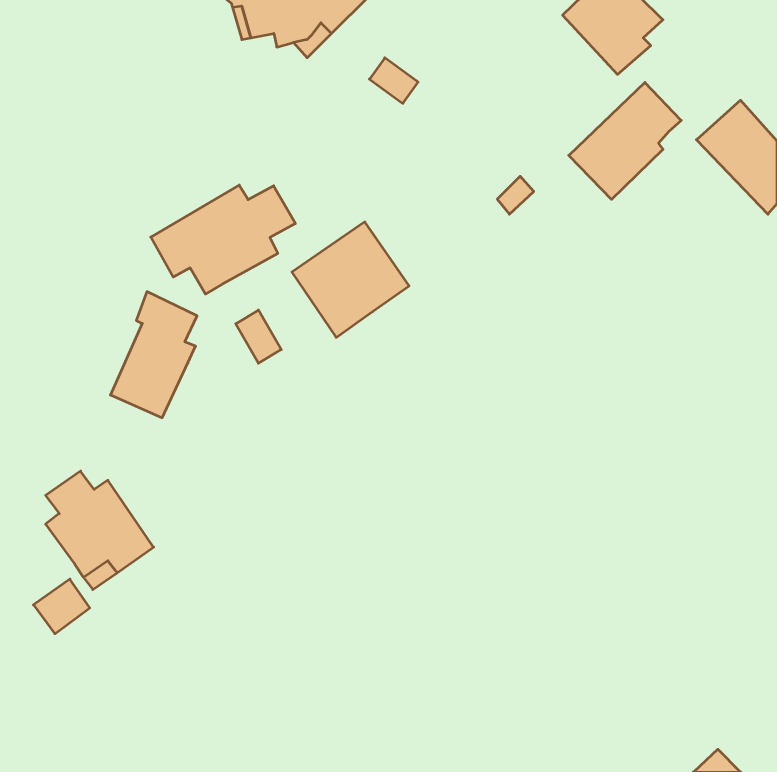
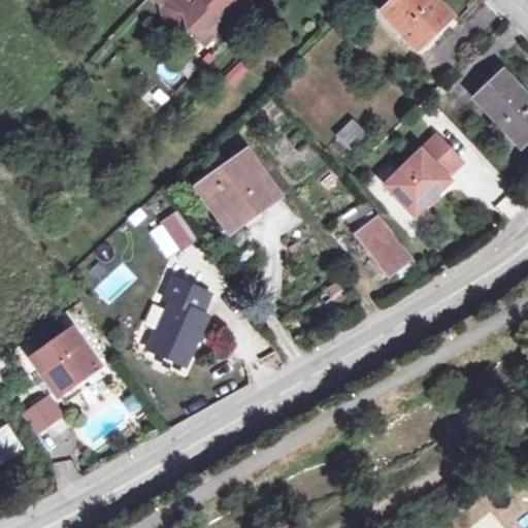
building: [569,82,681,199] -> [385,135,461,214]
building: [151,185,295,294] -> none
building: [110,292,197,418] -> [151,276,209,362]
building: none -> [356,216,409,273]

